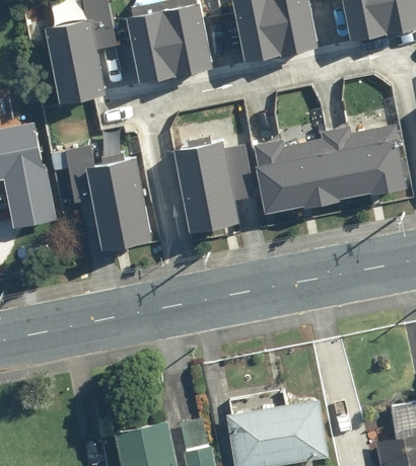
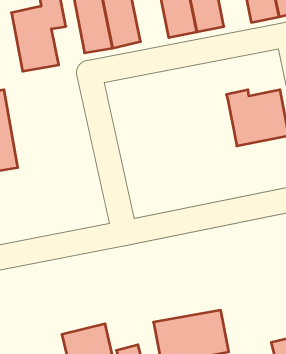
building: [177,140,254,228] -> none
building: [253,140,333,211] -> none
building: [67,141,149,240] -> none

